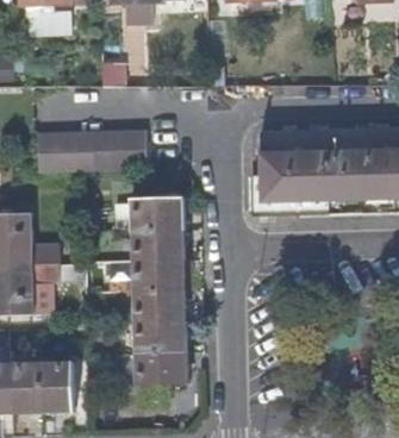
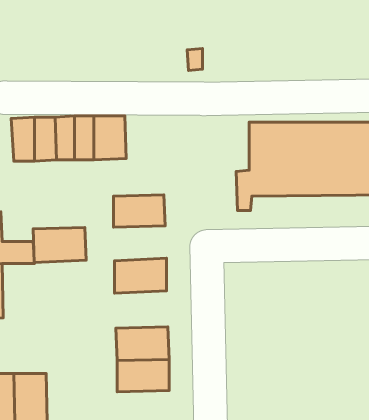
building: [136,229,185,261] -> [33,228,86,263]
building: [137,288,186,323] -> none

